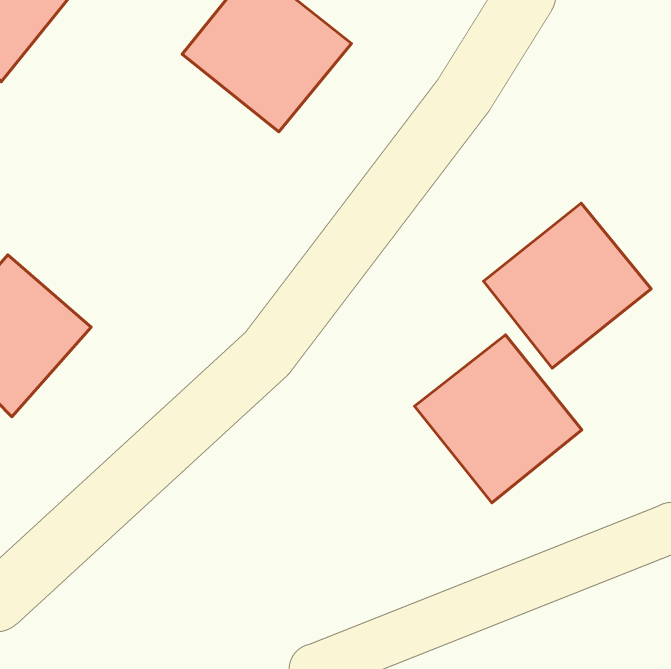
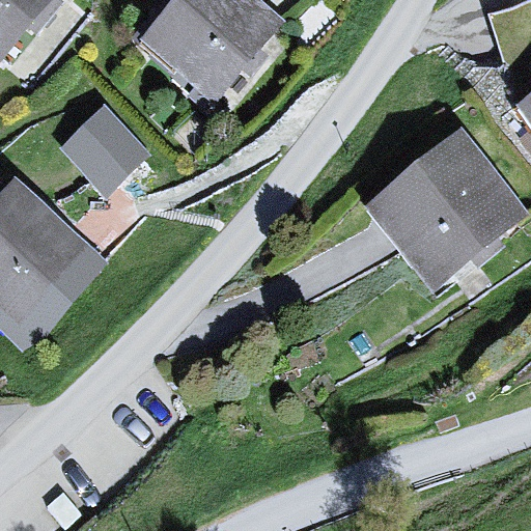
building: none -> [61,96,150,186]
building: [415,335,582,503] -> none

